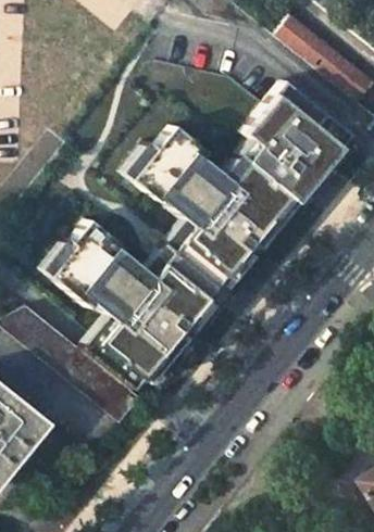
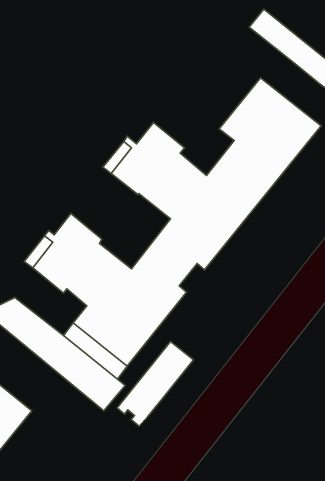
building: none -> [117,342,194,426]

